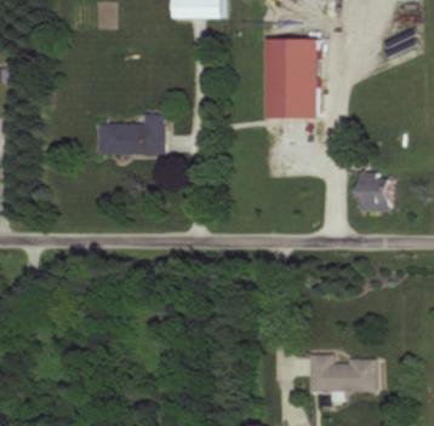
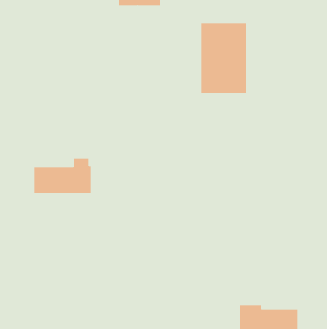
building: [97,113,162,152] -> [33,158,91,194]
building: [358,172,388,211] -> none

